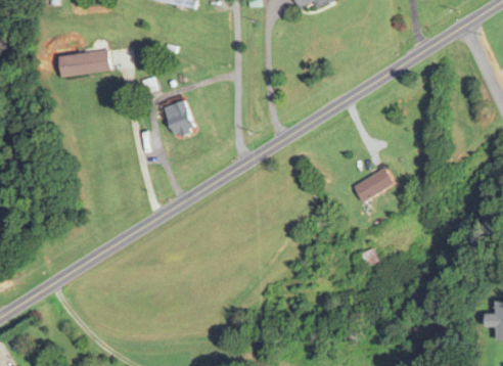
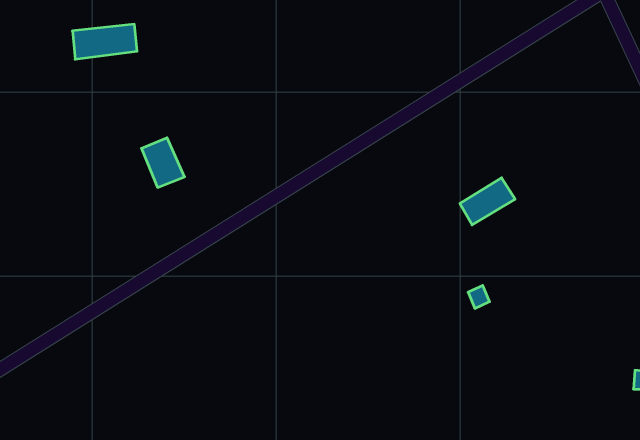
building: [163,99,195,137] -> [141,138,185,187]

